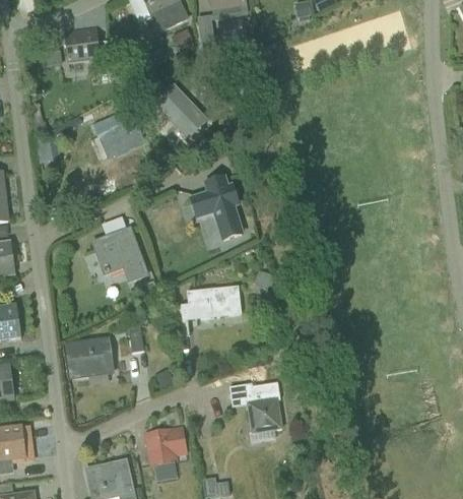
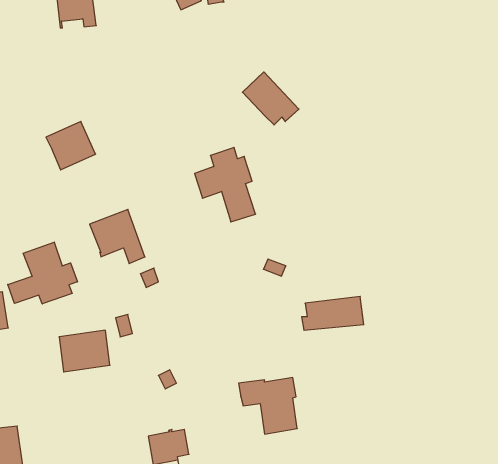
building: [155,85,206,133] -> [242,72,299,125]
building: [98,110,143,153] -> [46,121,96,170]
building: none -> [8,242,77,304]
building: [184,286,240,316] -> [302,296,364,330]

